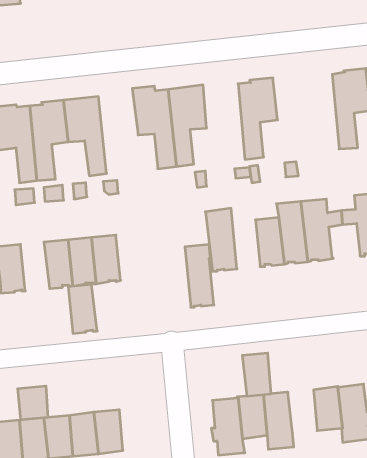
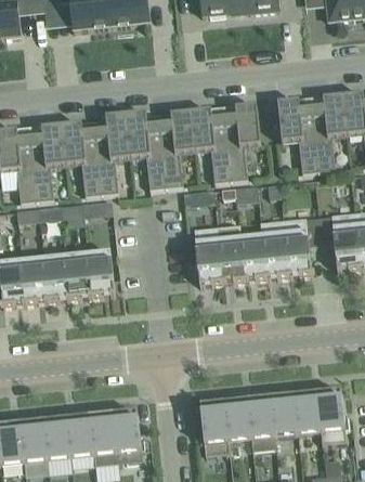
building: none -> [276,101,317,173]
building: none -> [191,109,230,182]
building: none -> [93,115,130,194]
building: [185,244,214,307] -> [217,224,244,283]
building: [68,284,97,333] -> [21,258,48,303]
building: [242,353,271,396] -> [270,395,297,435]
building: [18,386,48,420] -> none
building: none -> [113,412,144,452]

